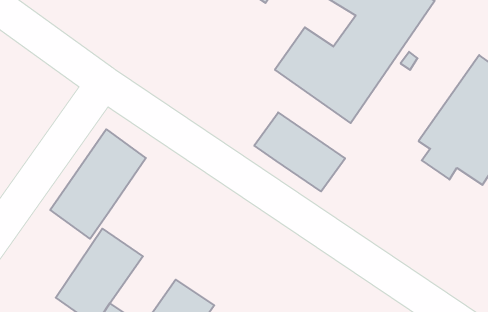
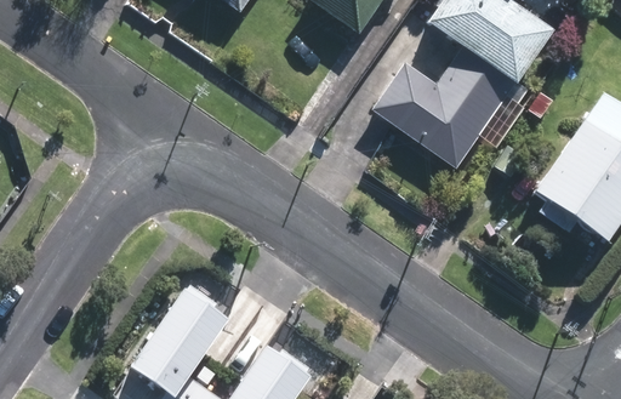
building: [254,112,345,191] -> none
building: [50,129,146,239] -> none

